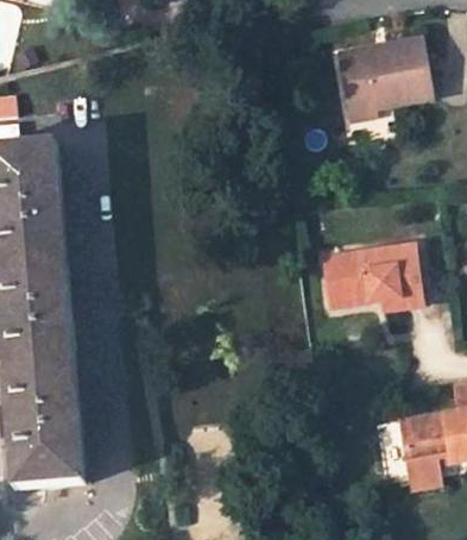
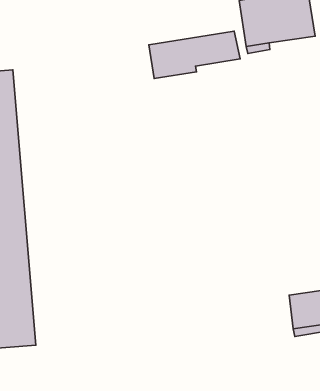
building: none -> [149,31,240,79]
building: [320,244,421,310] -> none

